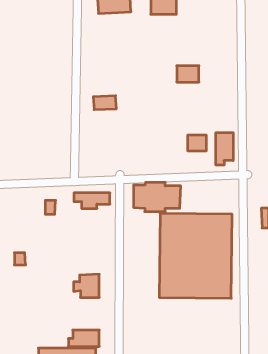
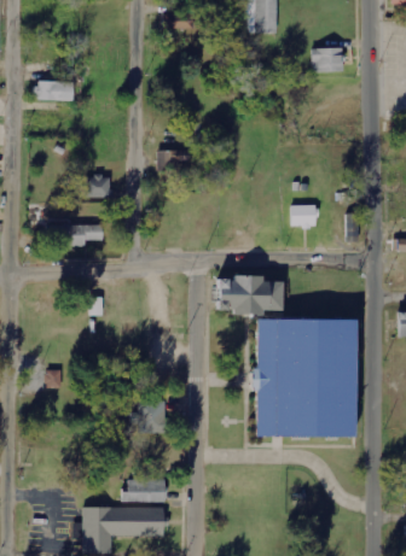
building: none -> [37,81,75,100]
building: [177,66,199,82] -> [311,48,342,71]
building: none -> [87,176,111,198]
building: [216,133,233,165] -> none
building: [74,193,110,208] -> [53,224,104,246]

